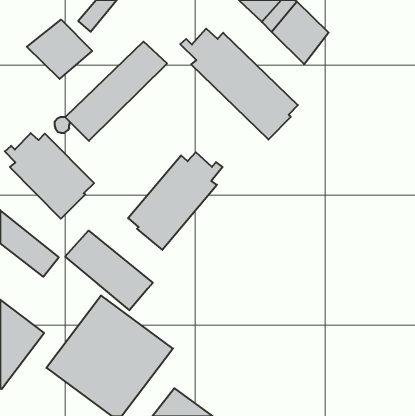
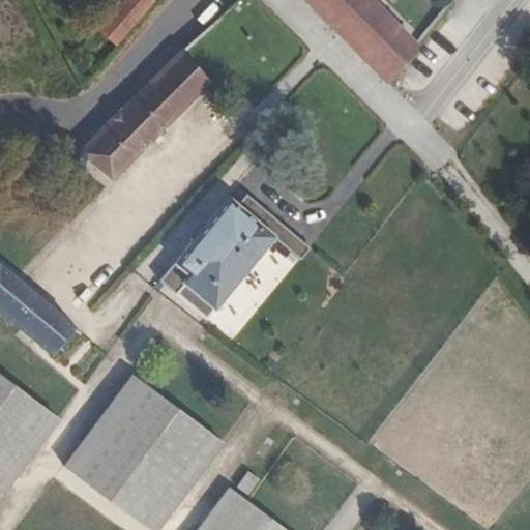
building: [27,20,92,79] -> none
building: [180,29,298,140] -> none
building: [5,133,94,219] -> none
building: [65,231,153,310] -> none

